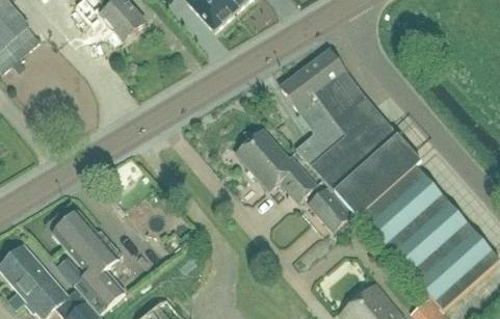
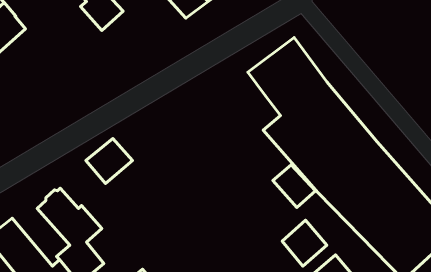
building: [232,127,312,198] -> none
building: none -> [86,139,132,184]
building: none -> [282,220,327,266]

